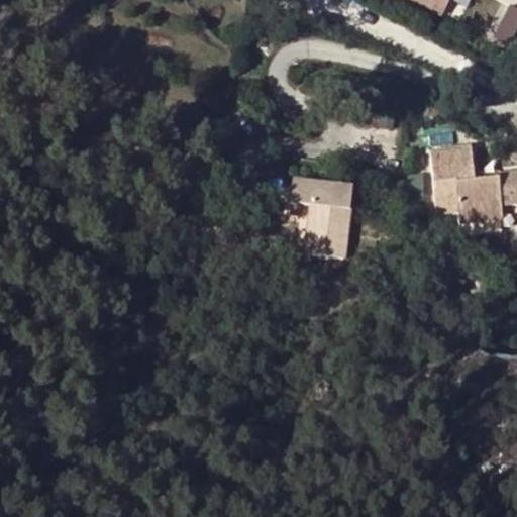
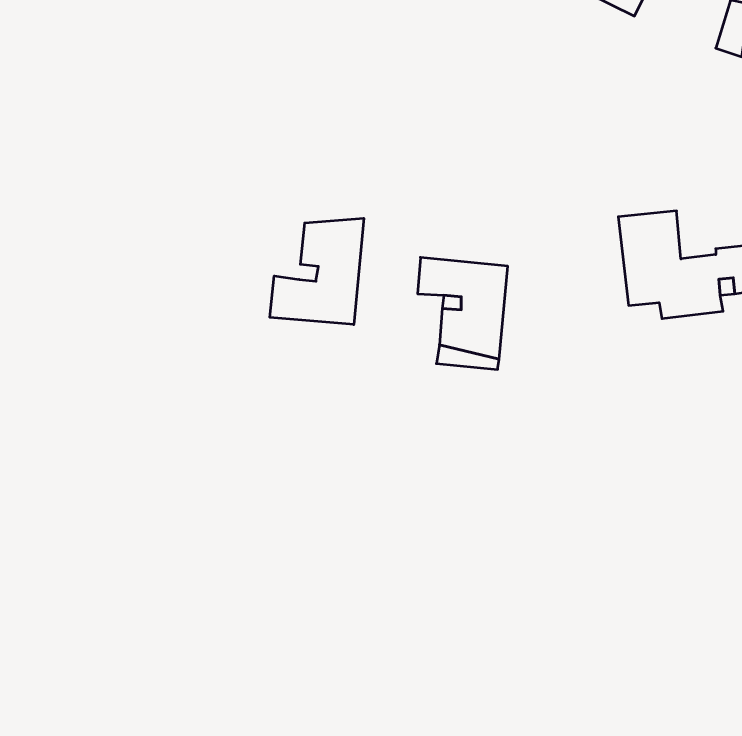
building: none -> [270,218,364,325]

